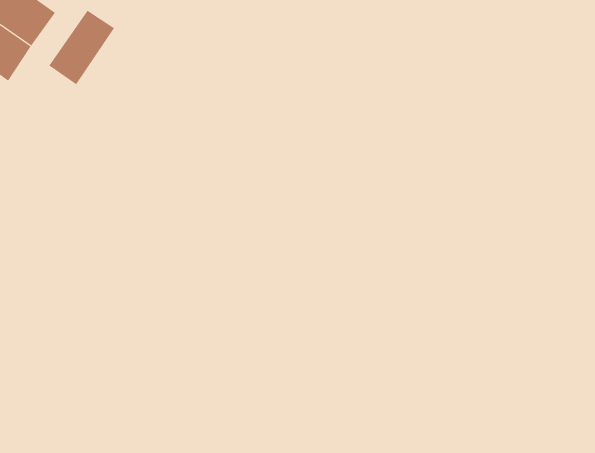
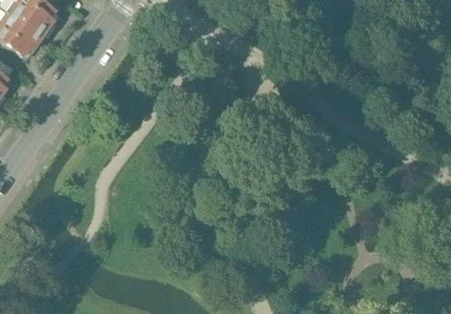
building: [48,10,115,85] -> none

